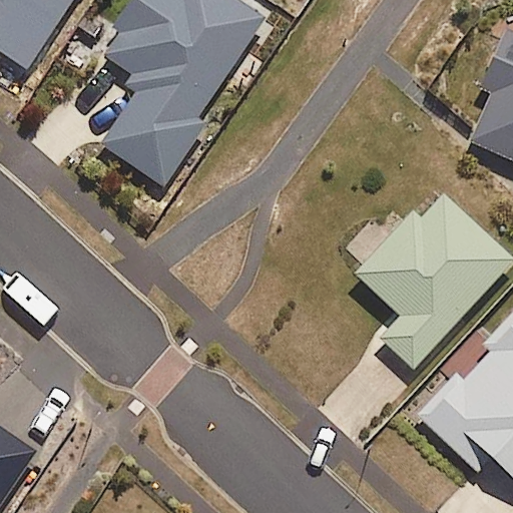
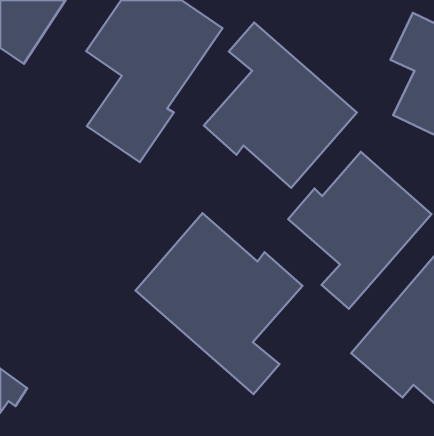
building: none -> [204,22,357,188]
building: none -> [135,213,302,394]

